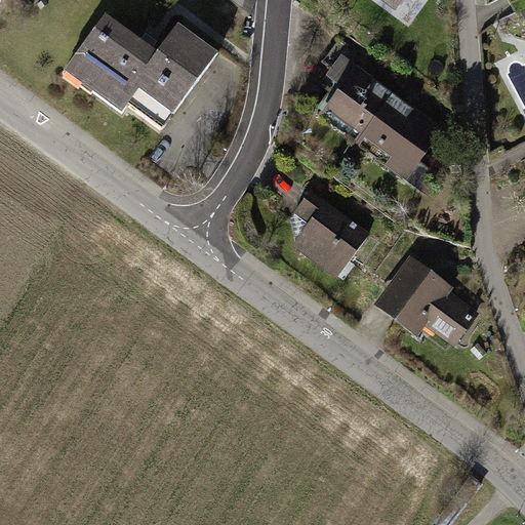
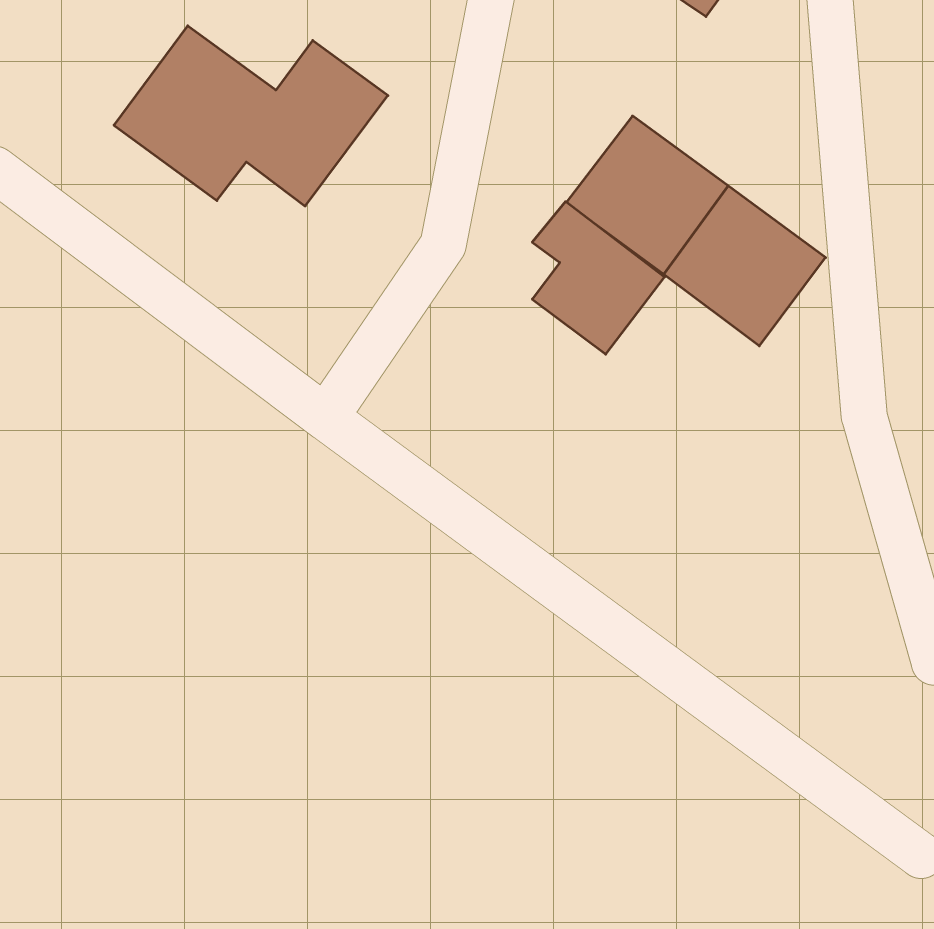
building: [293,191,367,276] -> [532,202,665,354]
building: [373,254,476,344] -> none

